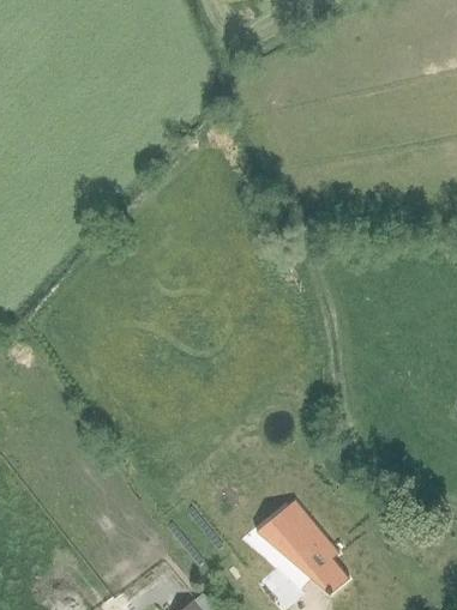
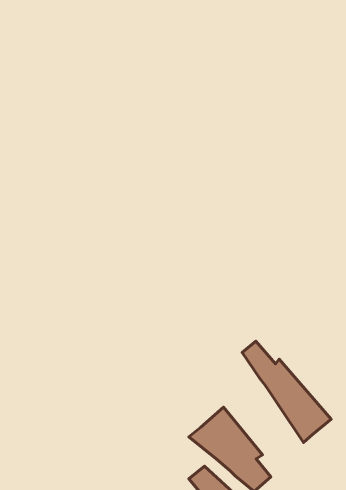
building: none -> [242,341,331,442]

